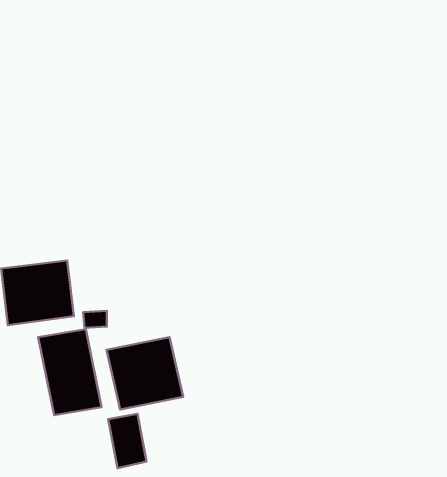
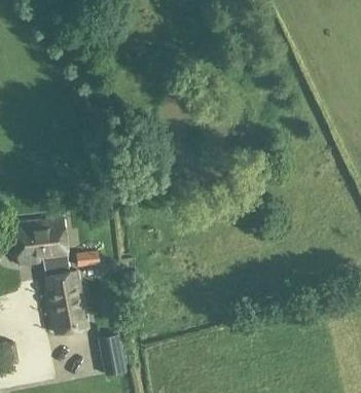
building: [106,337,183,410] -> none

